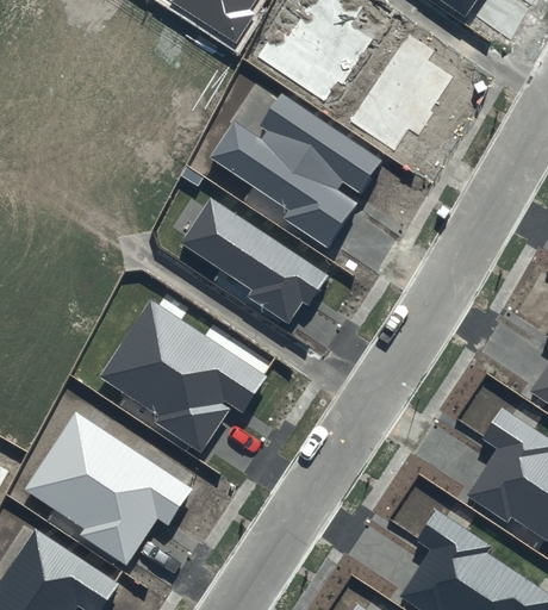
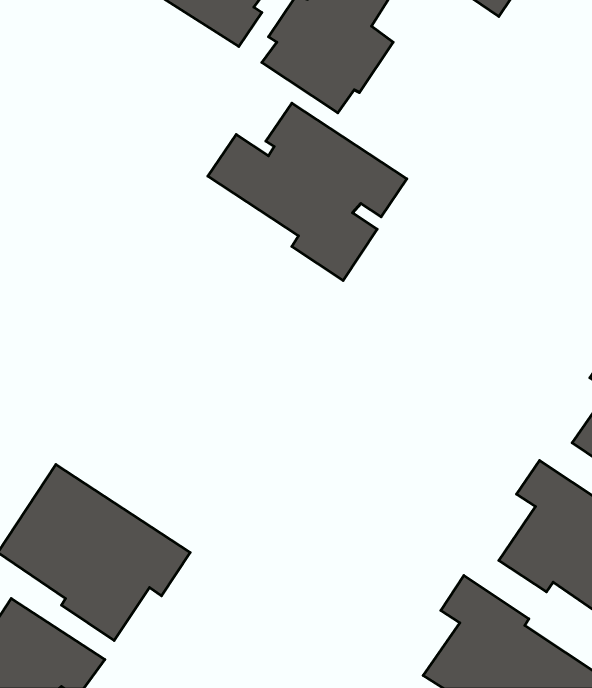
building: [349,33,453,151] -> none
building: [180,197,330,323] -> none
building: [100,300,266,454] -> none

